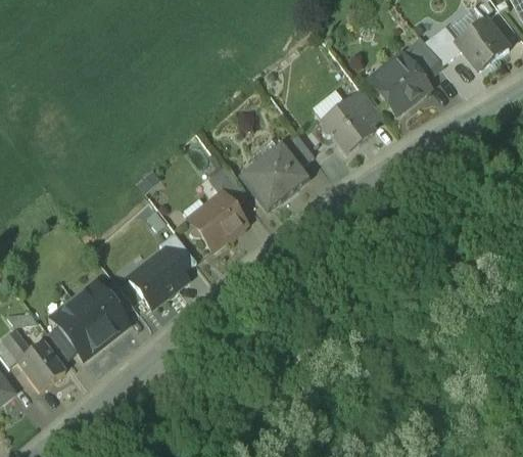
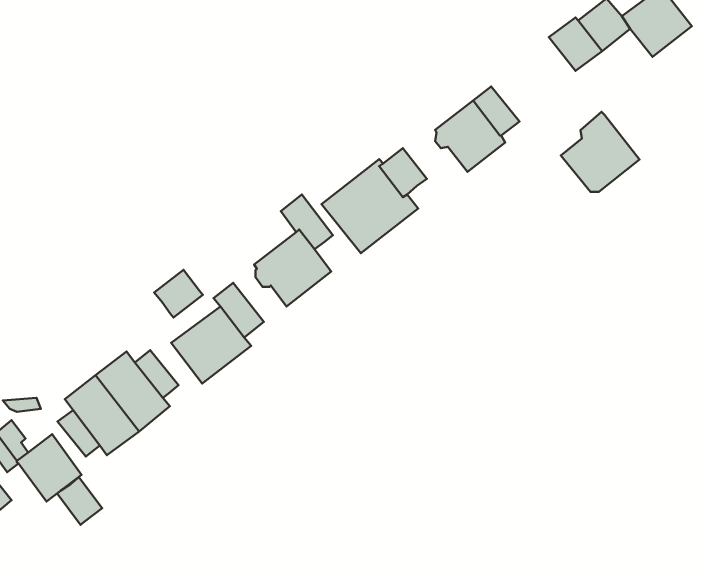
building: [372,51,429,109] -> [561,112,639,192]
building: none -> [154,270,203,317]
building: none -> [57,477,102,525]

